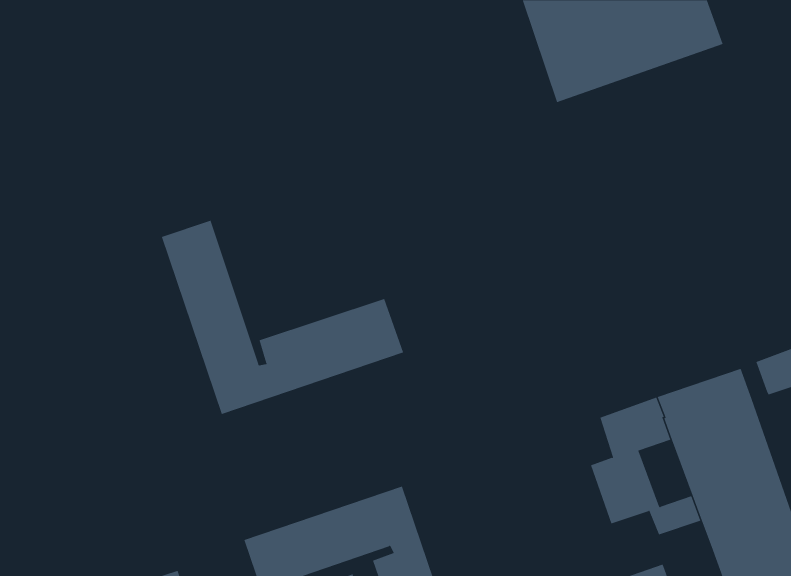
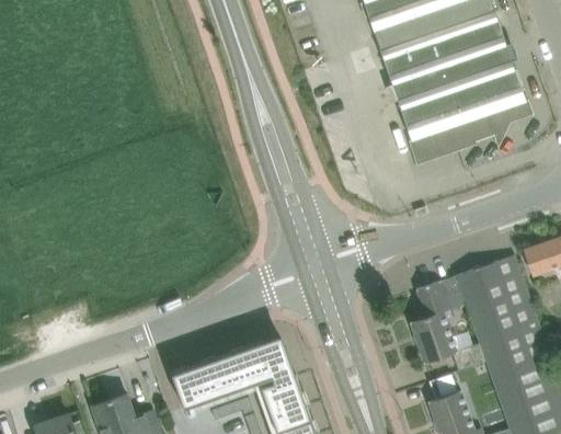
building: none -> [388,33,530,162]
building: [161,220,404,415] -> none

